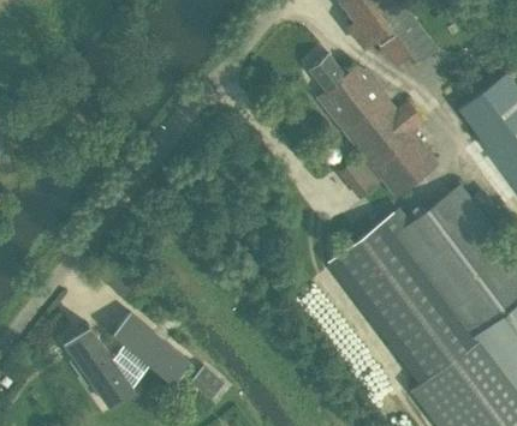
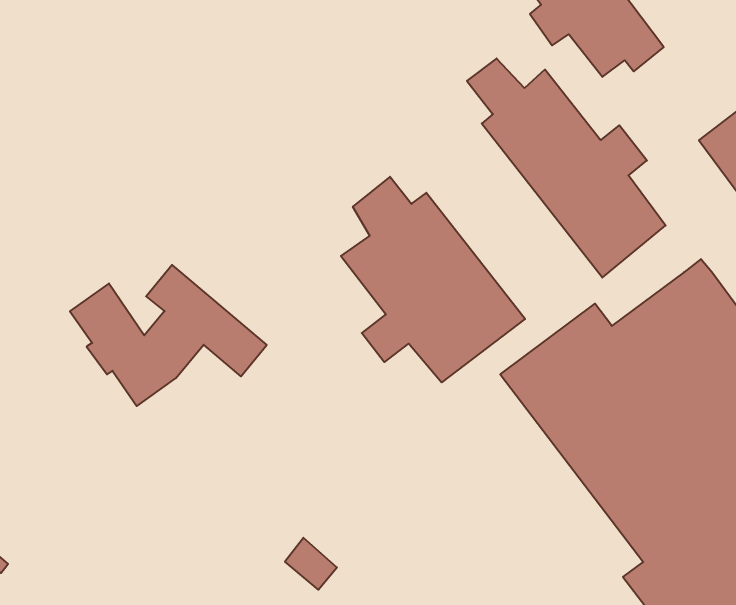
building: none -> [341,177,525,382]
building: [63,313,190,404] -> [70,265,267,406]

